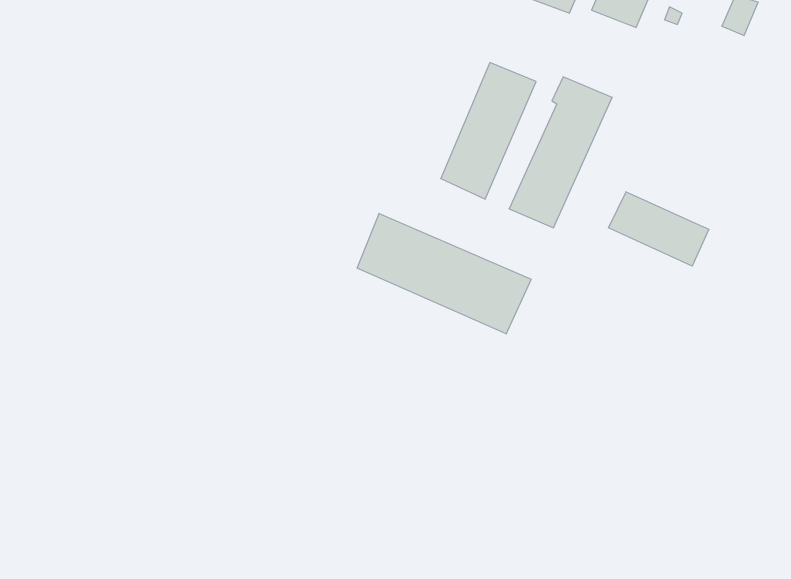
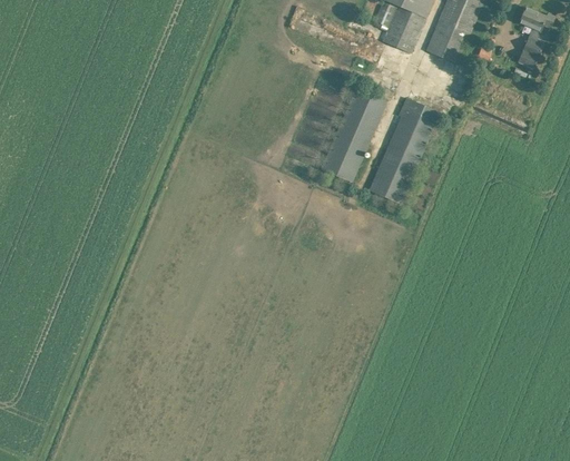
building: [609,192,709,266] -> none
building: [357,213,531,334] -> none

